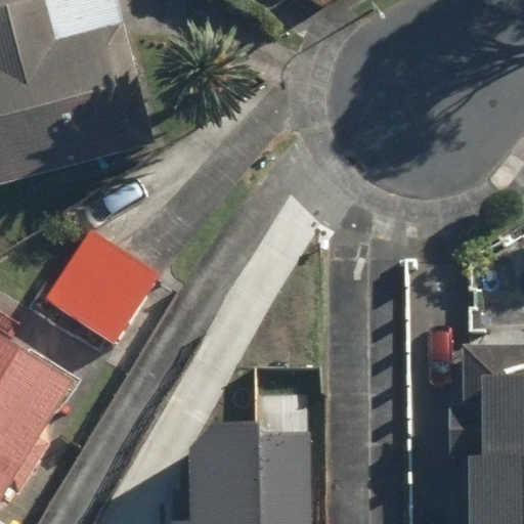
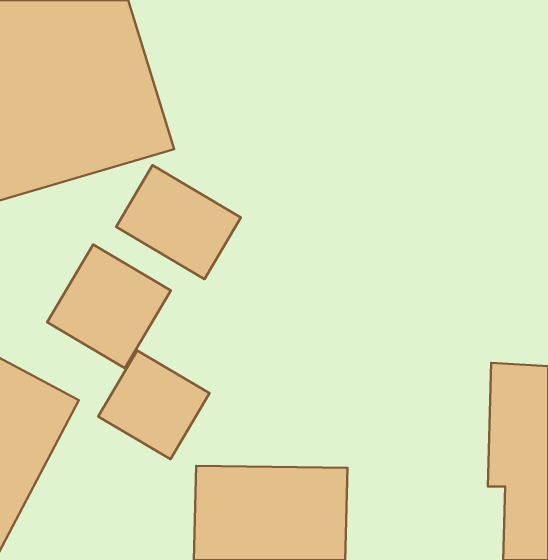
building: none -> [116,165,241,279]
building: none -> [98,350,210,459]

